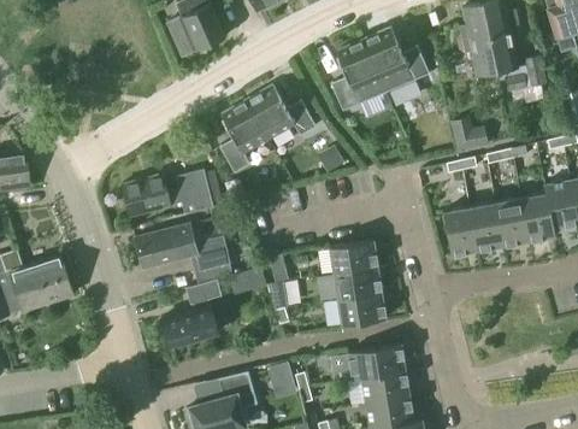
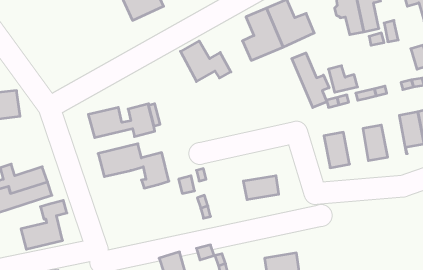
building: [219,99,269,172] -> none
building: none -> [292,53,329,108]
building: [520,186,554,242] -> none
building: [468,204,502,252] -> none
building: [329,241,377,275] -> none
building: [159,280,222,346] -> [21,200,67,249]
building: [337,293,385,327] -> none
building: [348,345,405,381] -> none

